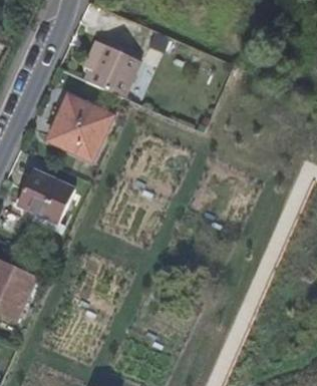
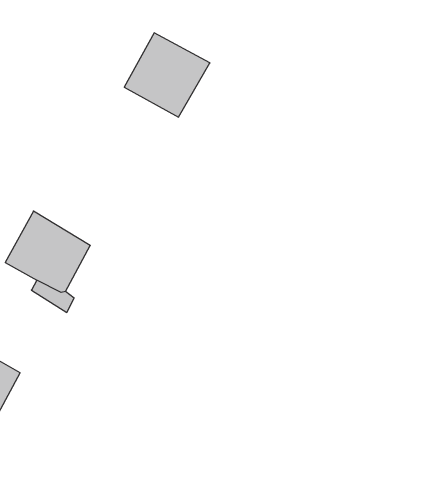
building: [50,98,113,161] -> none

